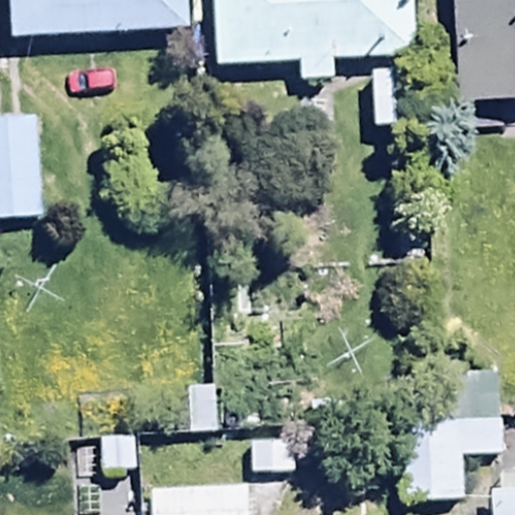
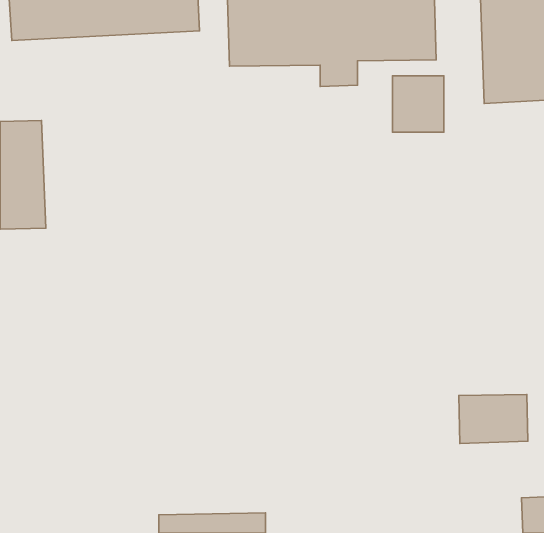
building: [393,416,500,499] -> none

